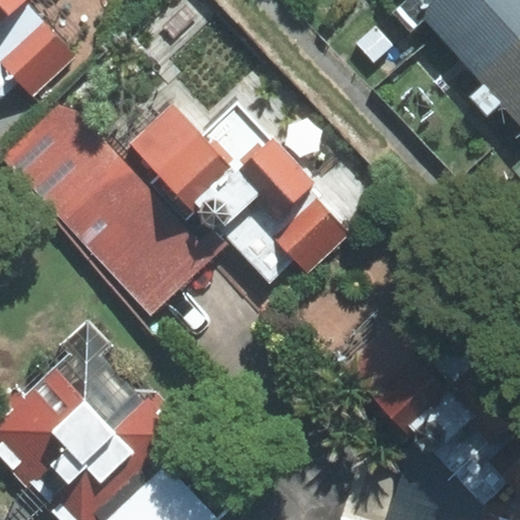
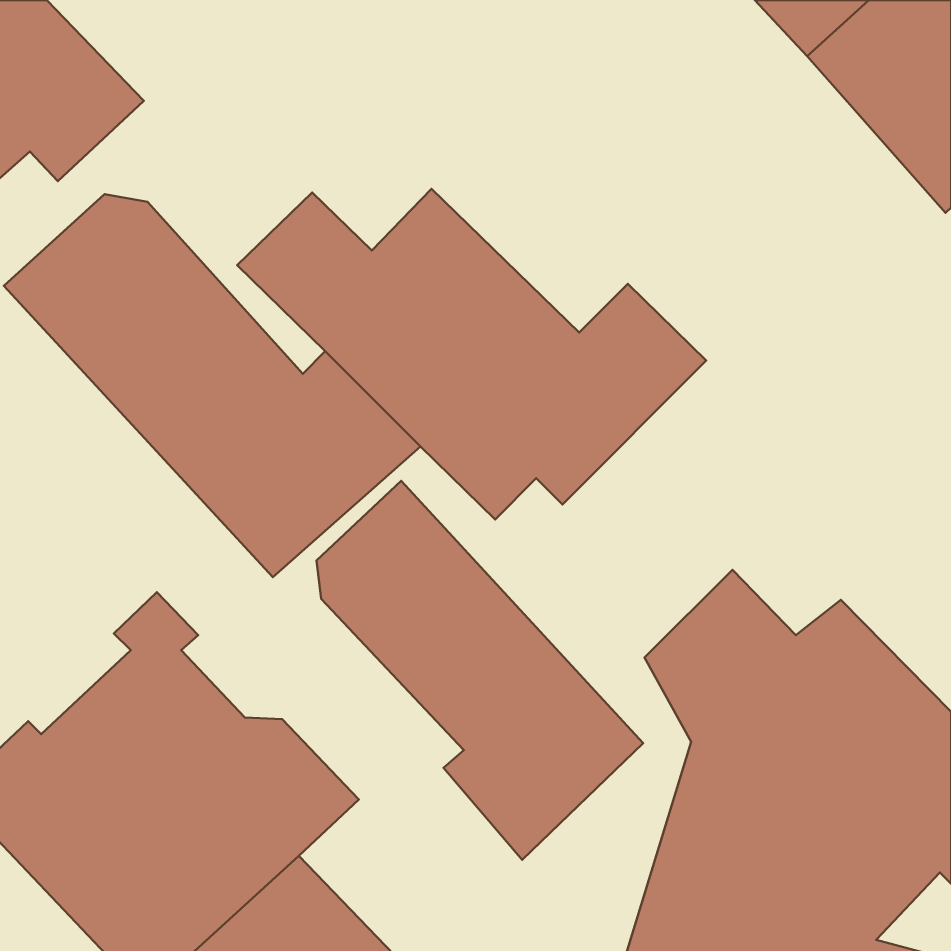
building: none -> [317,481,643,860]

